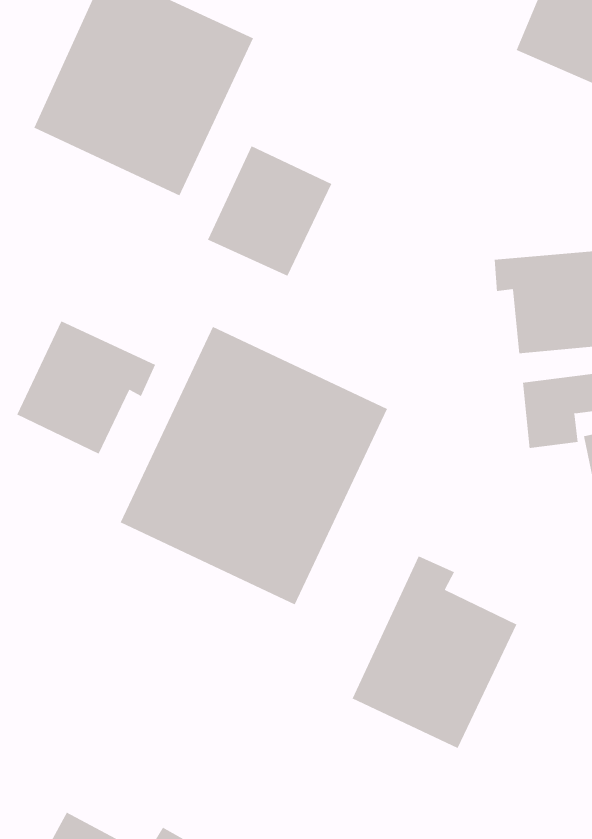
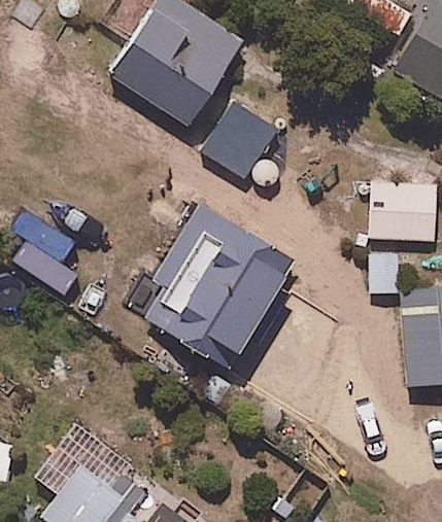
building: [17,321,156,455] -> none
building: [352,555,517,749] -> none

